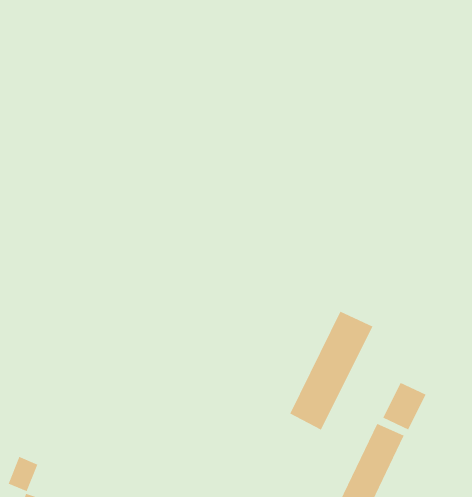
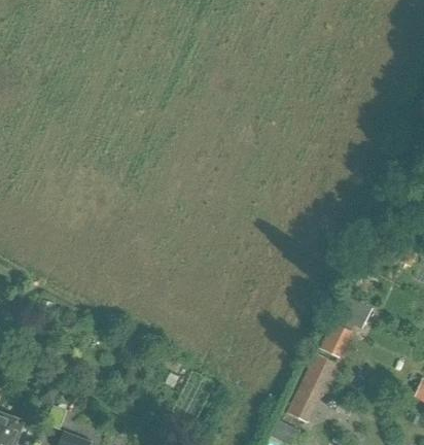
building: [290,311,373,431] -> none
building: none -> [337,298,373,331]

